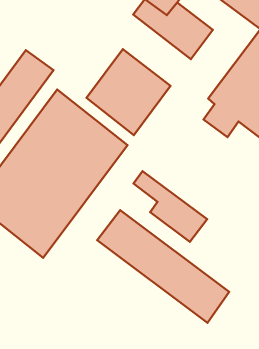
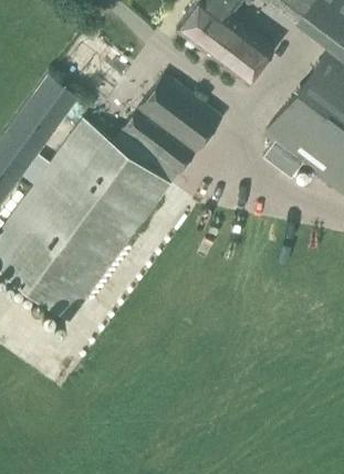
building: [133,171,207,242] -> none
building: [97,210,229,323] -> none

